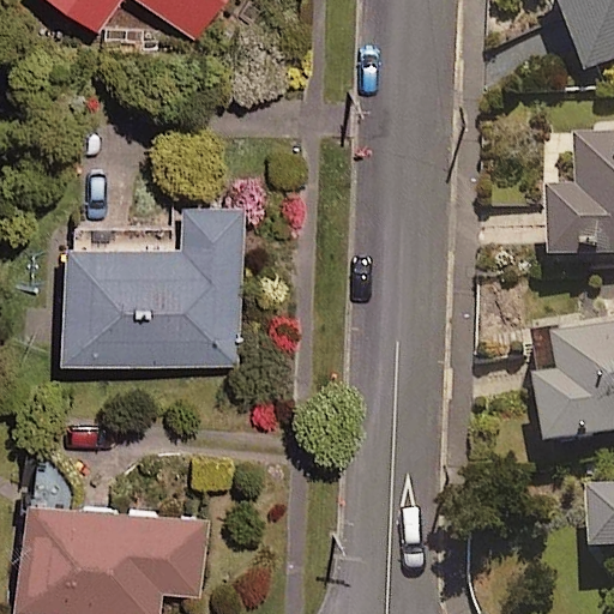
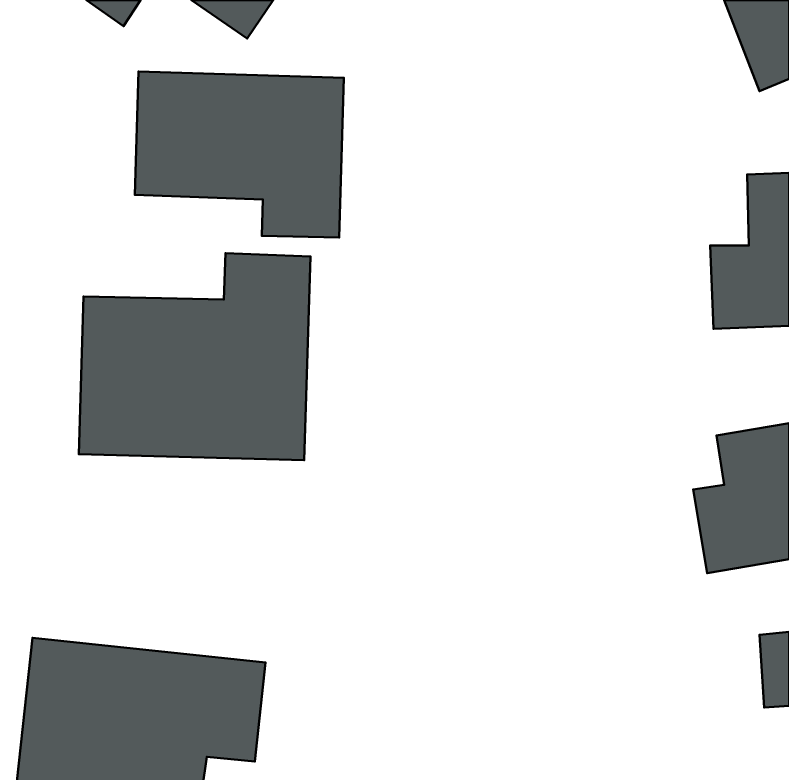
building: none -> [135,71,344,238]

